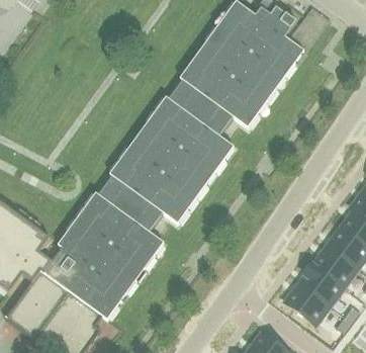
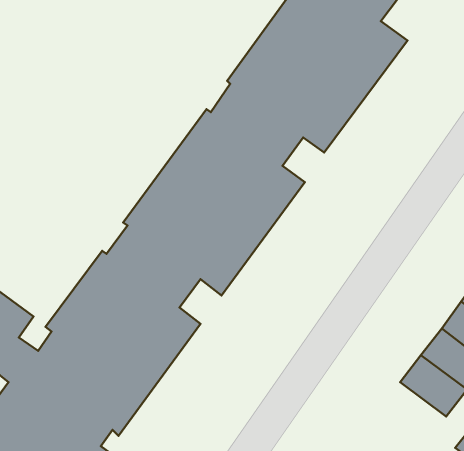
building: [284,281,330,324] -> none

